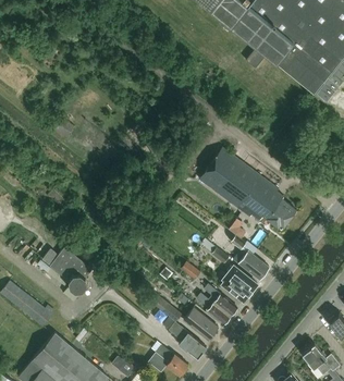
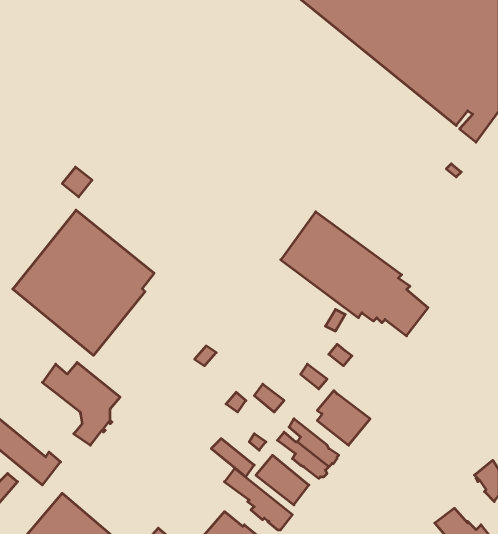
building: none -> [13,210,154,355]
building: [238,251,270,280] -> none

